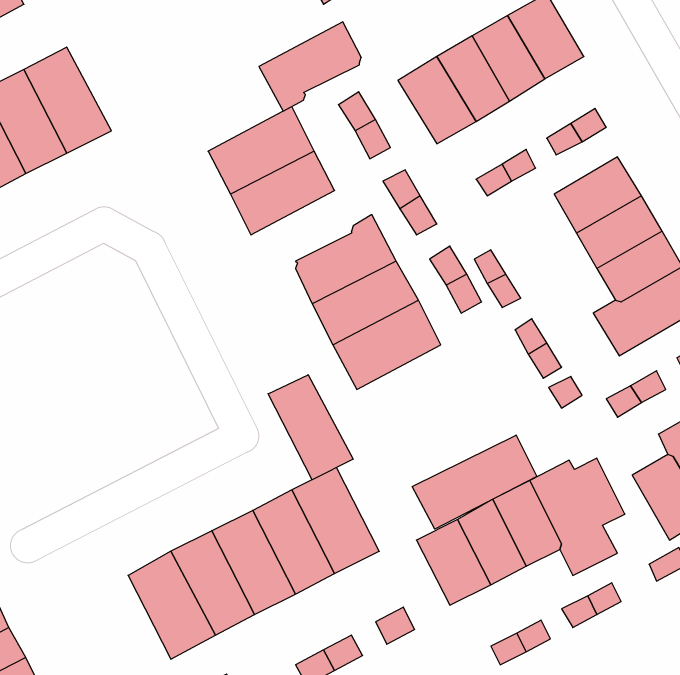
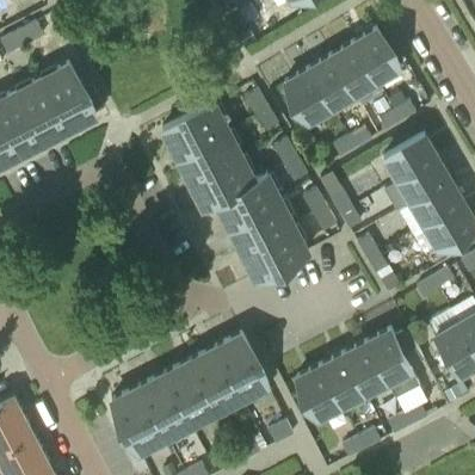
building: [259,22,361,111] -> [187,155,253,212]
building: [268,375,353,480] -> none
building: [412,435,537,529] -> none

